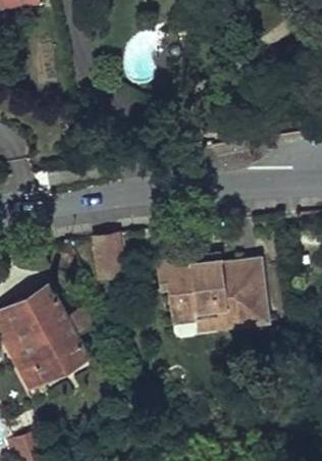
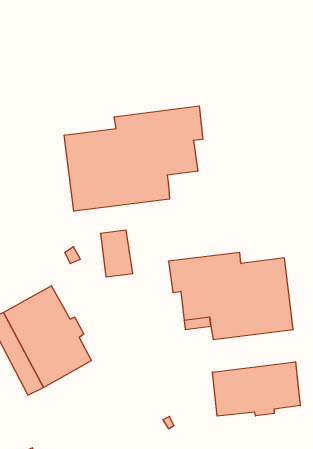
building: none -> [64,106,203,211]
building: none -> [212,362,300,416]

